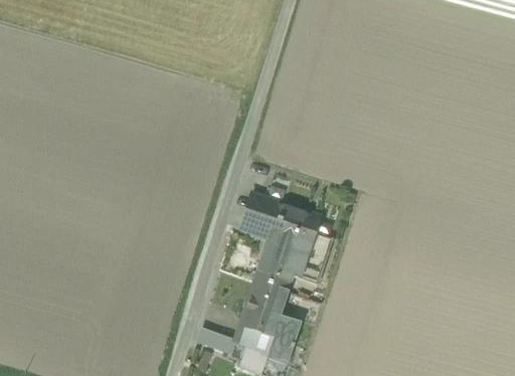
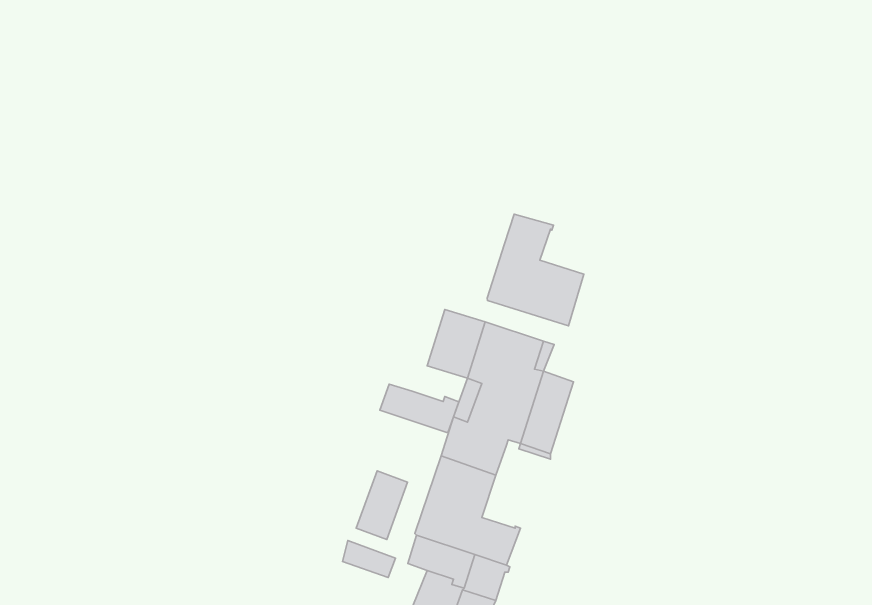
building: none -> [487,214,584,326]
building: none -> [380,384,459,433]
building: none -> [356,471,408,539]

